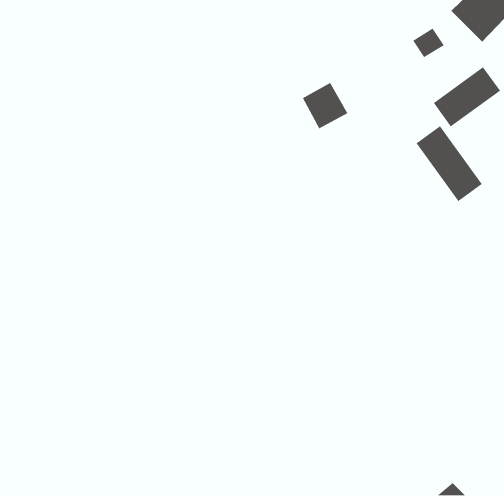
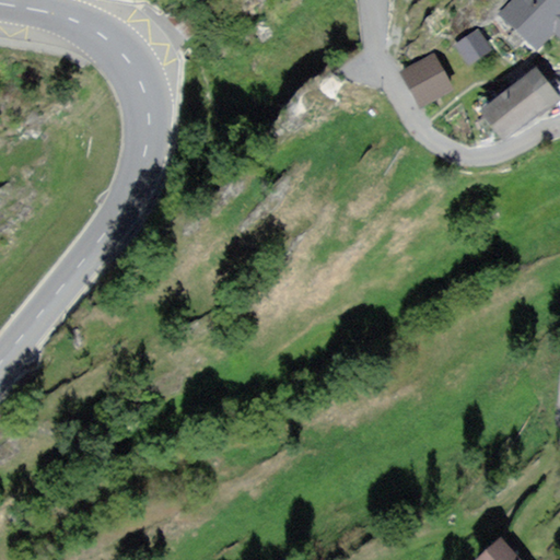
building: [302,82,348,129] -> [401,52,453,105]
building: [416,125,483,202] -> none

